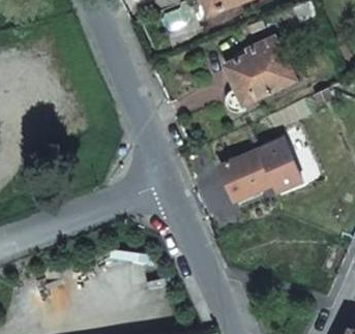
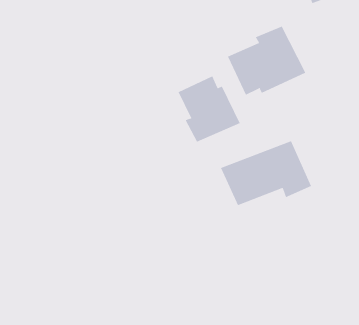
building: none -> [178,76,240,142]

